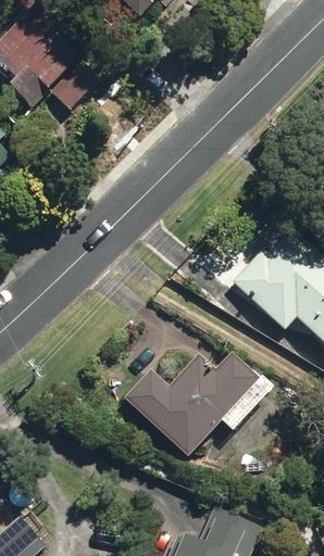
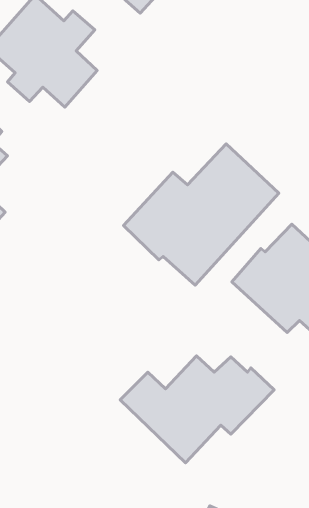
building: none -> [124,144,279,285]

